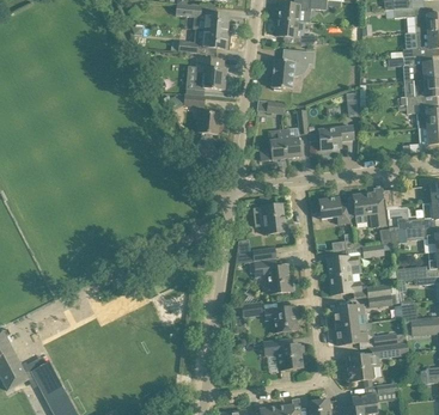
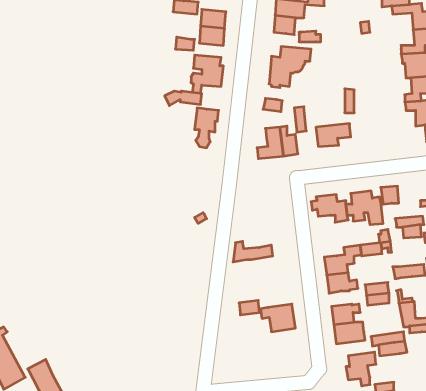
building: [252,203,285,233] -> none
building: [249,257,293,293] -> none
building: [254,337,303,370] -> none

